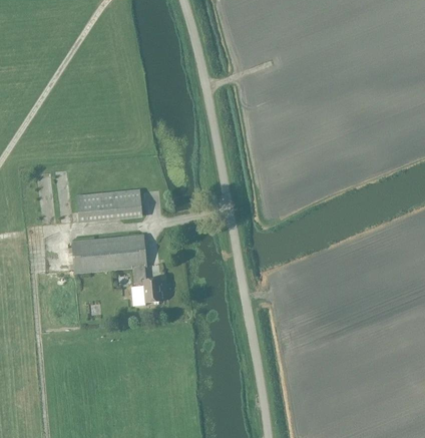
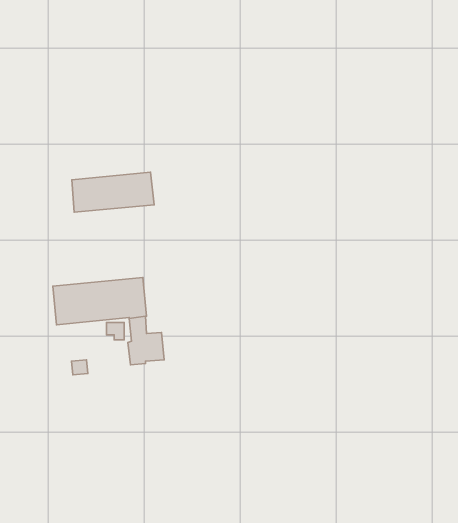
building: [76,188,142,221] -> [72,172,154,212]

